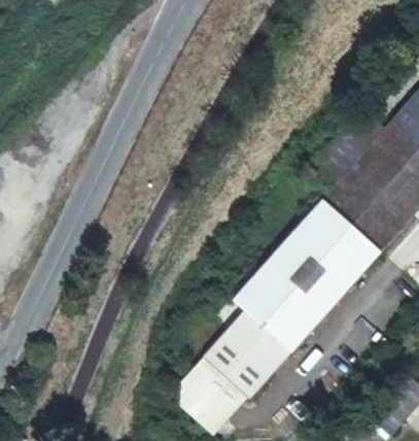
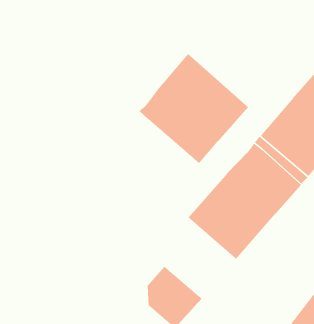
building: none -> [138,53,249,164]
building: [206,310,293,398] -> none

